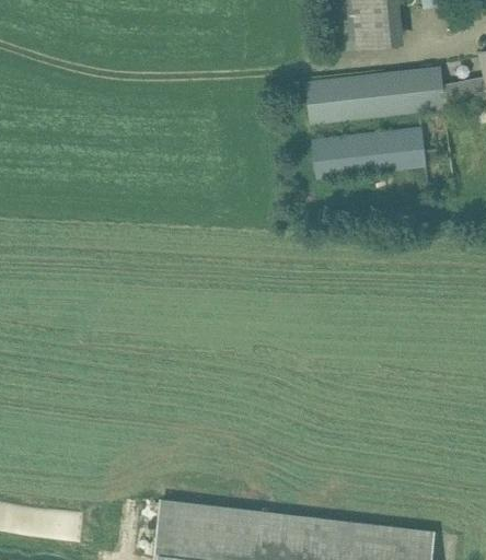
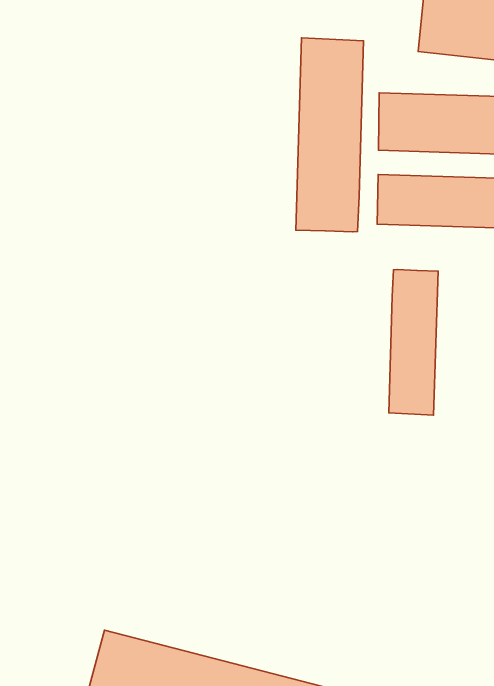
building: none -> [296,38,363,232]
building: none -> [389,270,438,415]

